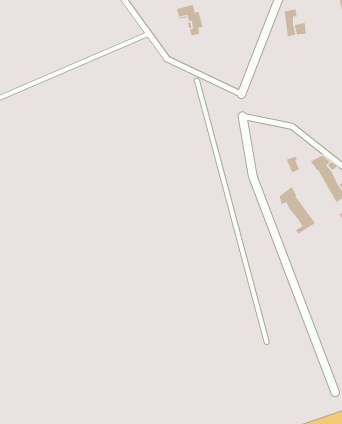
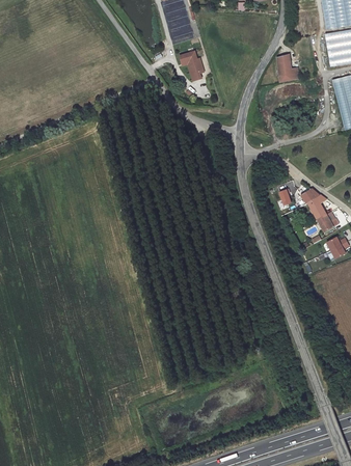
building: [279,186,316,235] -> none

